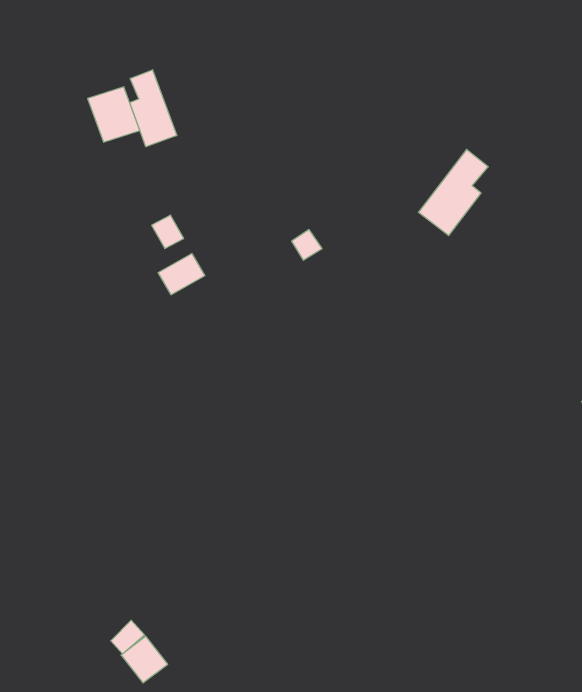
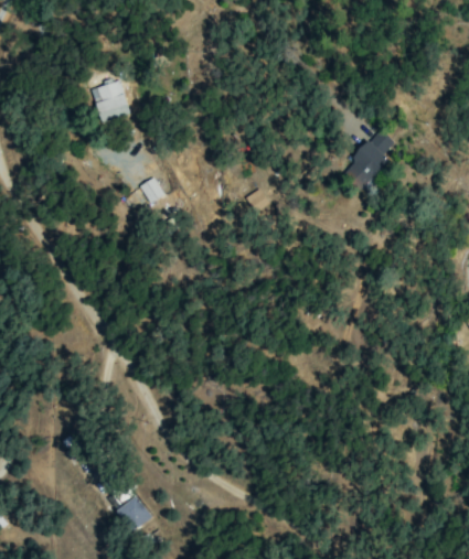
building: [130,70,177,147] -> none
building: [158,254,205,295] -> none

